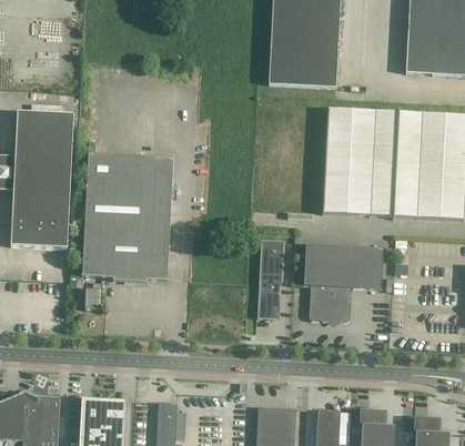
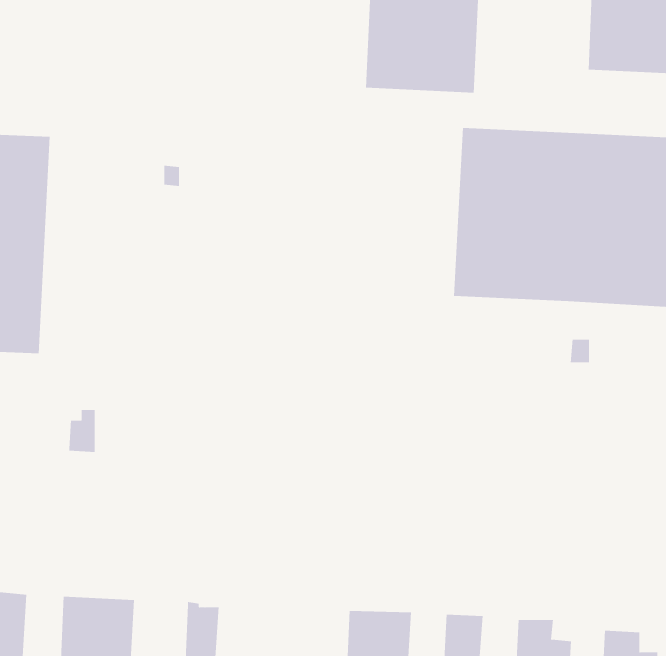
building: [81,152,173,281] -> none
building: [257,239,283,317] -> none
building: [303,243,383,322] -> none

